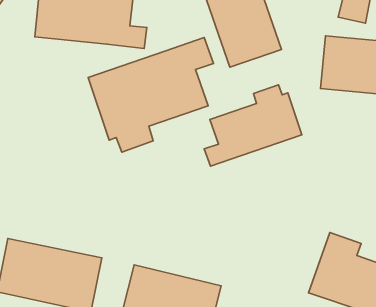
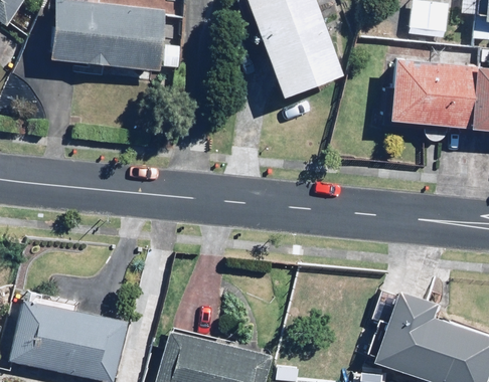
building: [88,37,213,152] -> none
building: [204,85,302,166] -> none

